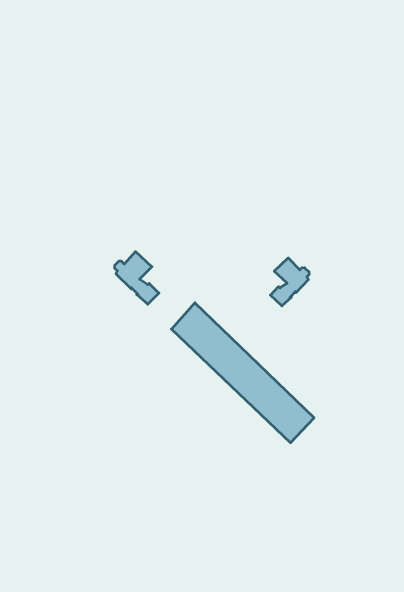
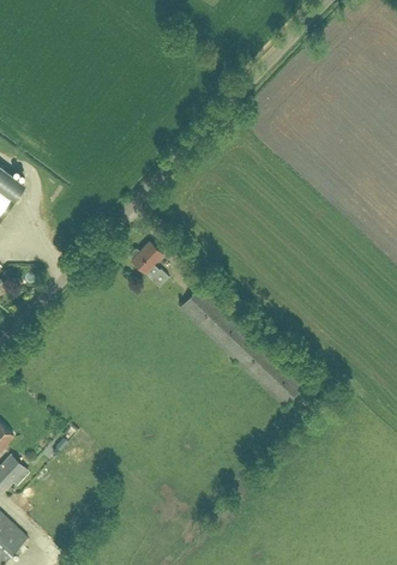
building: [270,258,309,306] -> none

